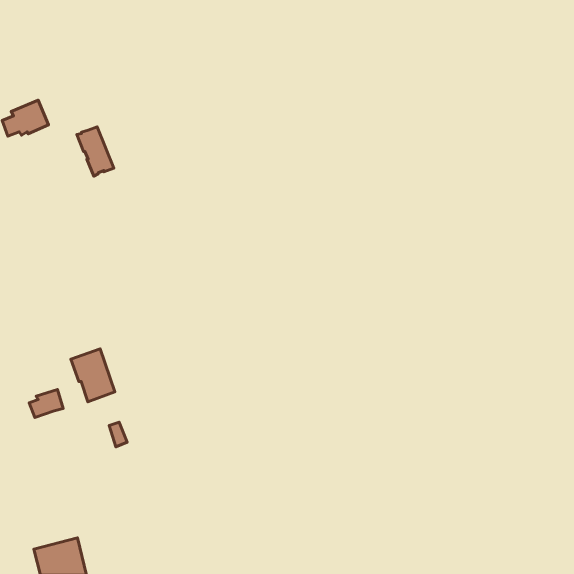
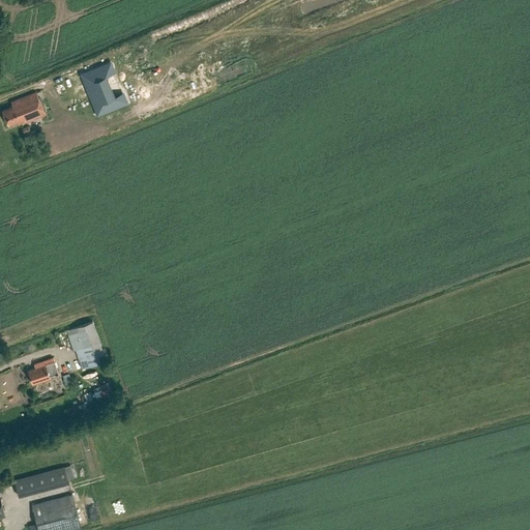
building: [77,127,114,176] -> [82,68,116,114]
building: none -> [13,468,68,497]

